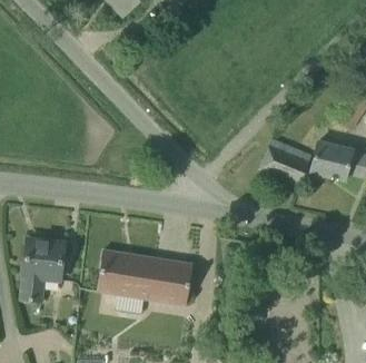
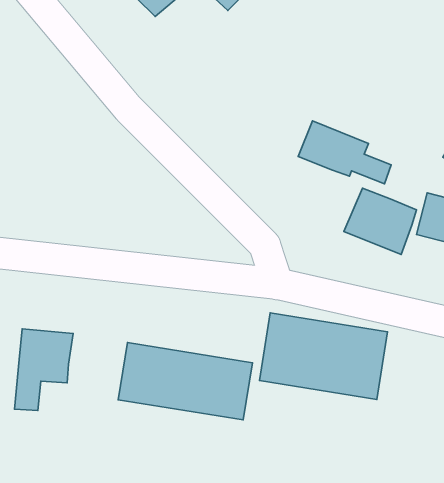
building: none -> [298,121,391,184]
building: none -> [259,313,388,399]

